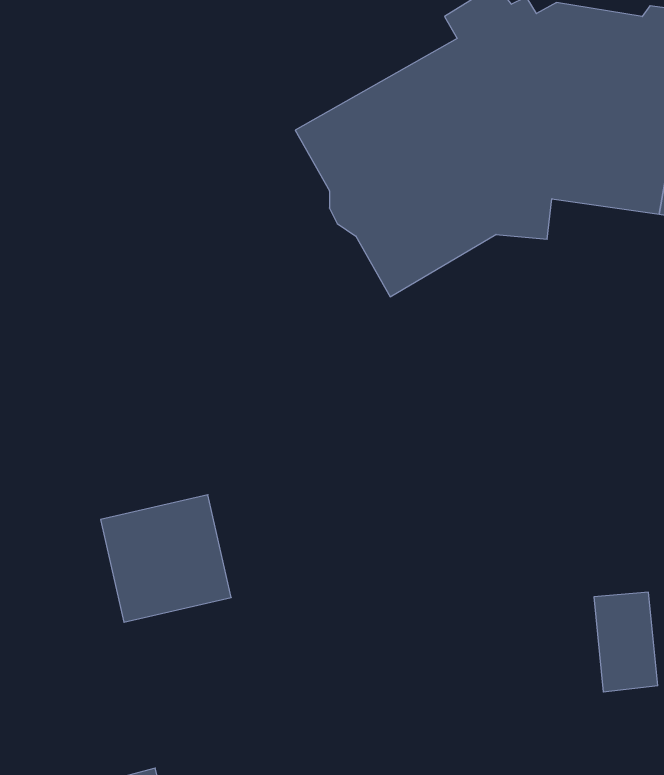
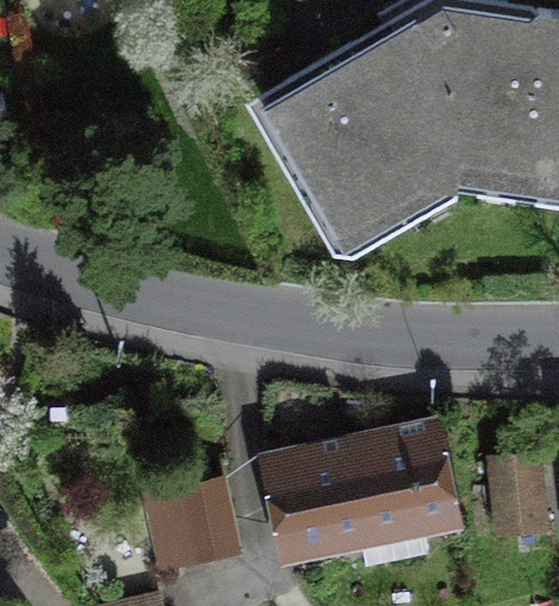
building: [101,495,231,622] -> [144,482,244,579]
building: none -> [280,438,454,554]

